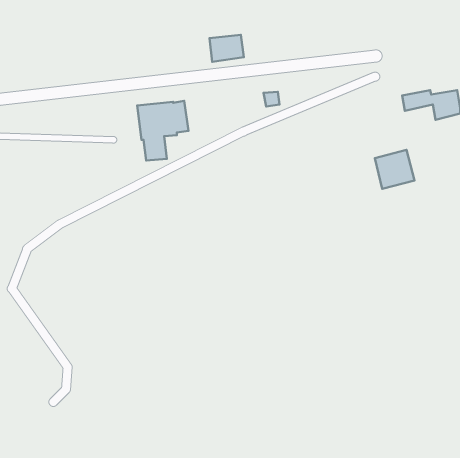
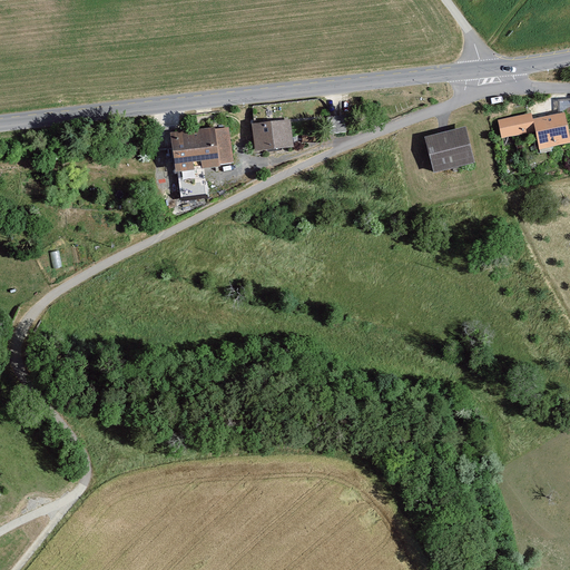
building: [209,35,244,62] -> [252,119,294,153]
building: [375,150,415,189] -> [425,126,474,174]

